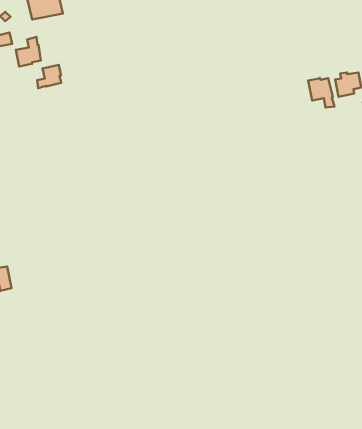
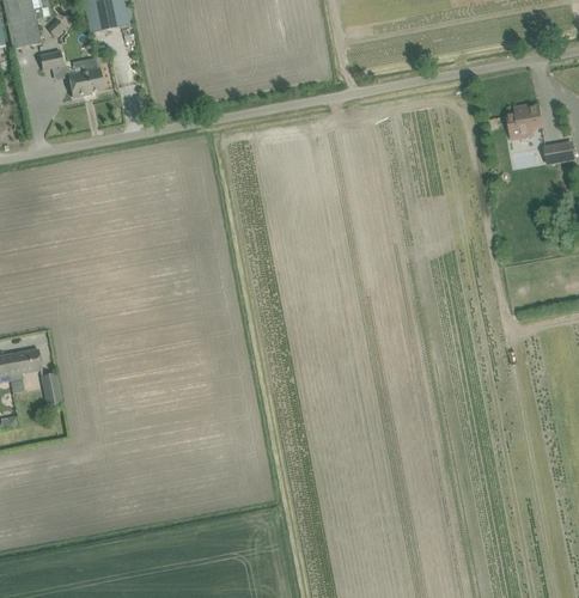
building: [37,65,61,88] -> none
building: [308,78,335,108] -> none

